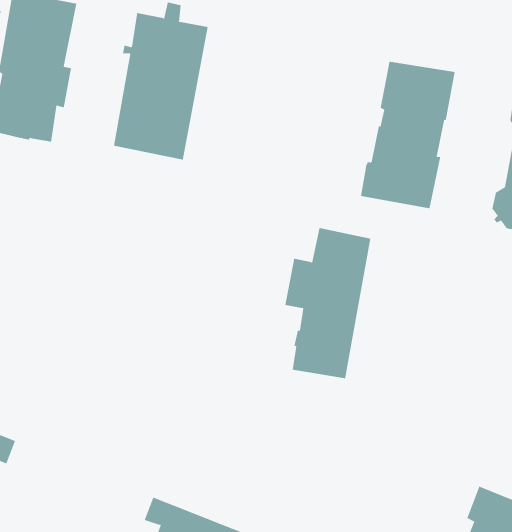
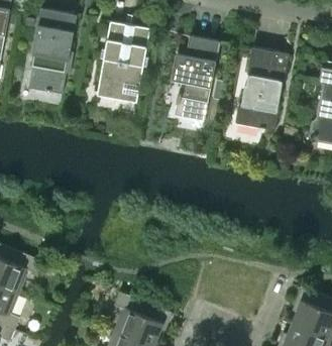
building: [285,228,371,379] -> [171,36,219,121]

